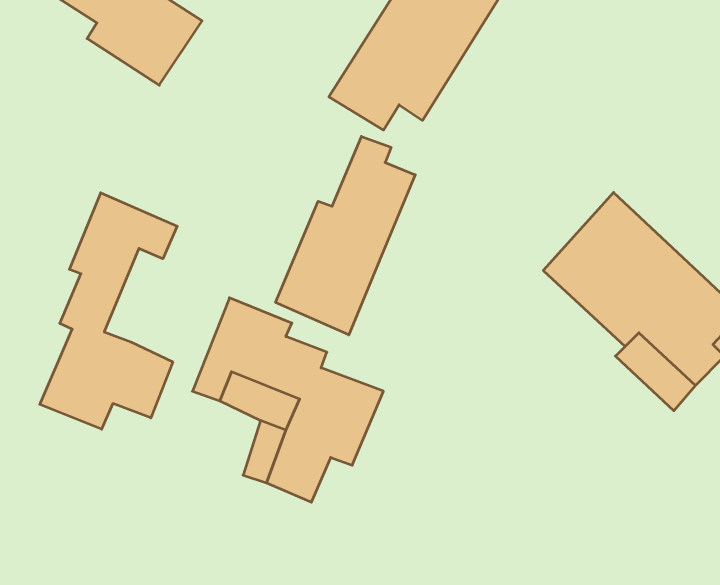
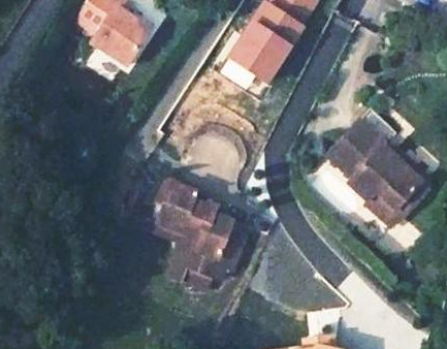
building: [276,136,415,335] -> none
building: [40,193,177,429] -> none

